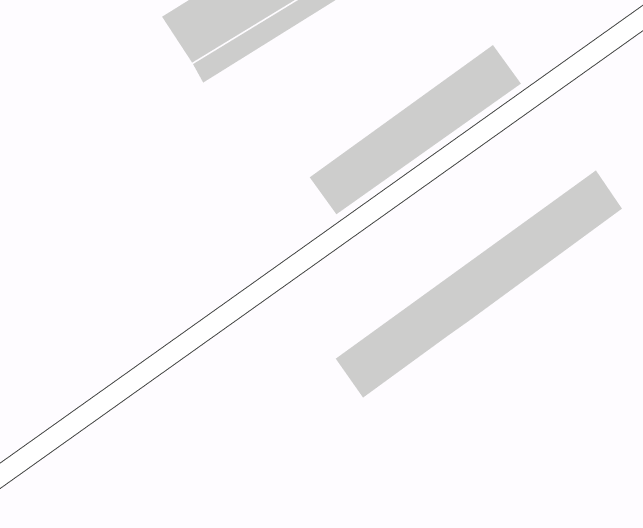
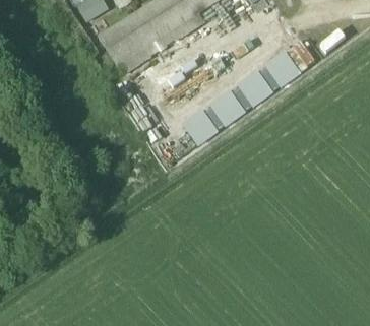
building: [334,169,623,399] -> none

